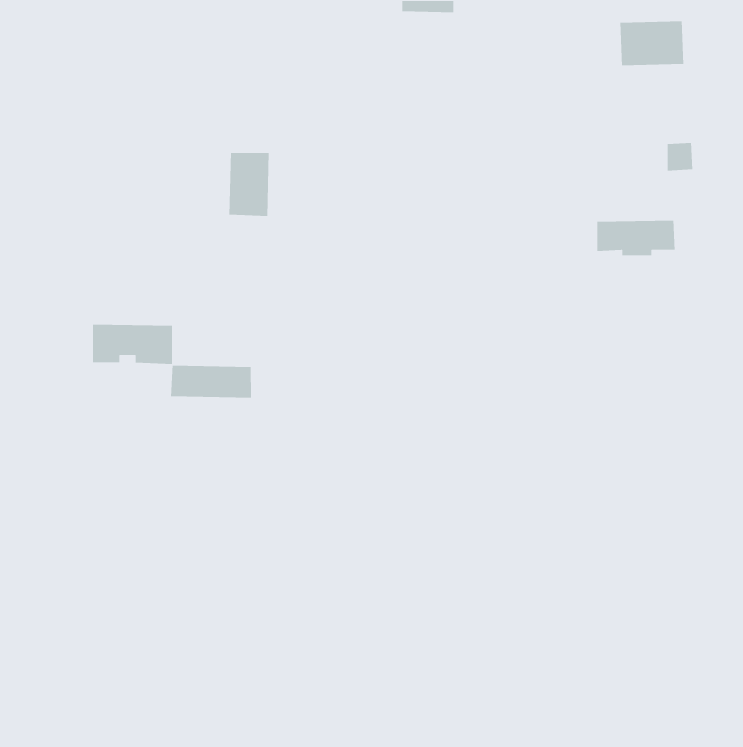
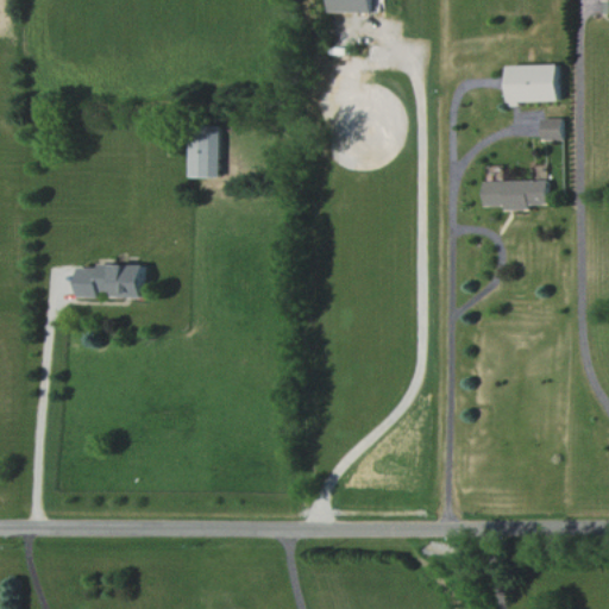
building: [620,21,684,66] -> [507,64,559,101]
building: [170,365,252,398] -> none

